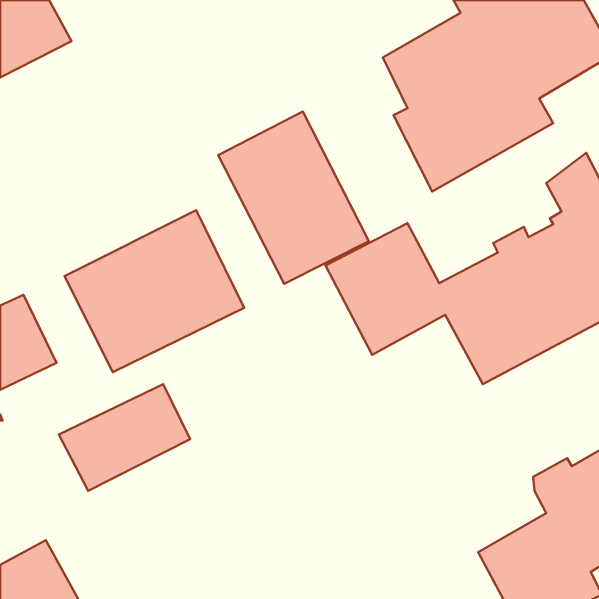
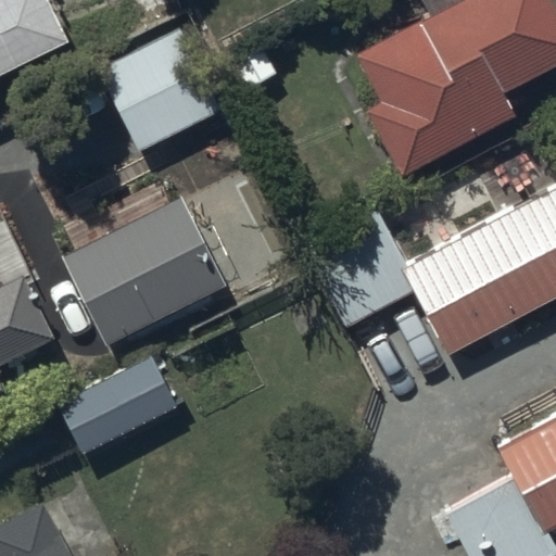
building: none -> [96,28,223,153]
building: [218,112,369,284] -> none

